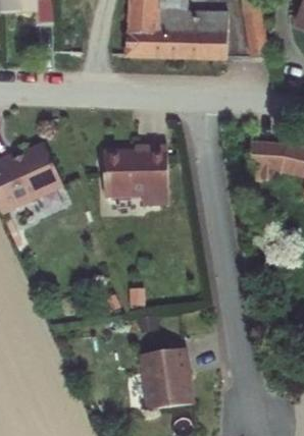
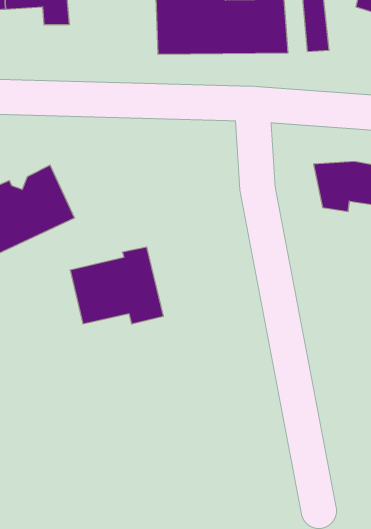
building: [97,144,171,205] -> [70,247,163,324]
building: [143,345,197,407] -> none

